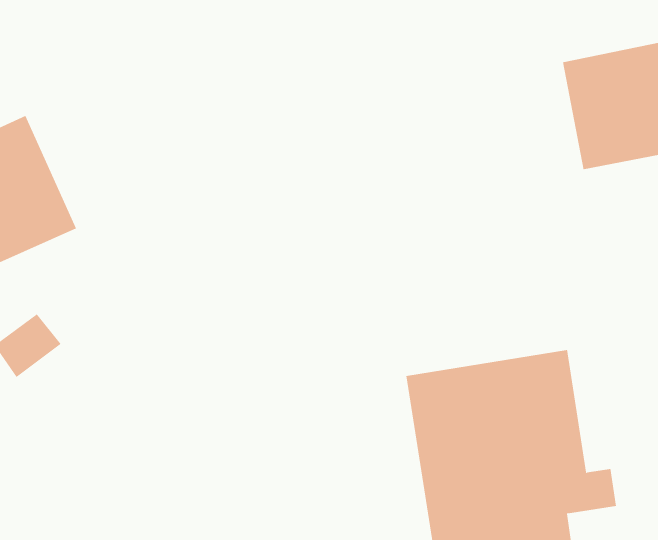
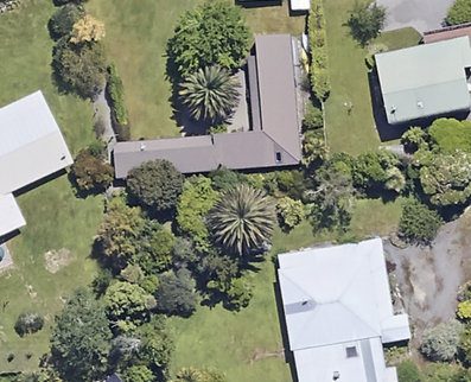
building: none -> [115,36,298,173]

